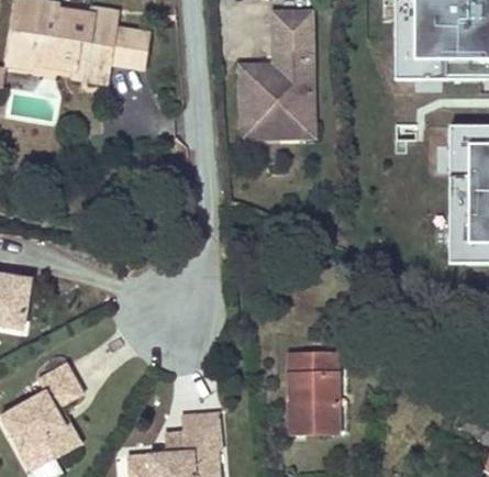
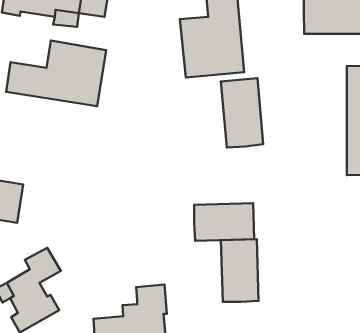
building: none -> [6,41,106,106]
building: none -> [221,78,263,148]
building: none -> [194,203,254,241]

